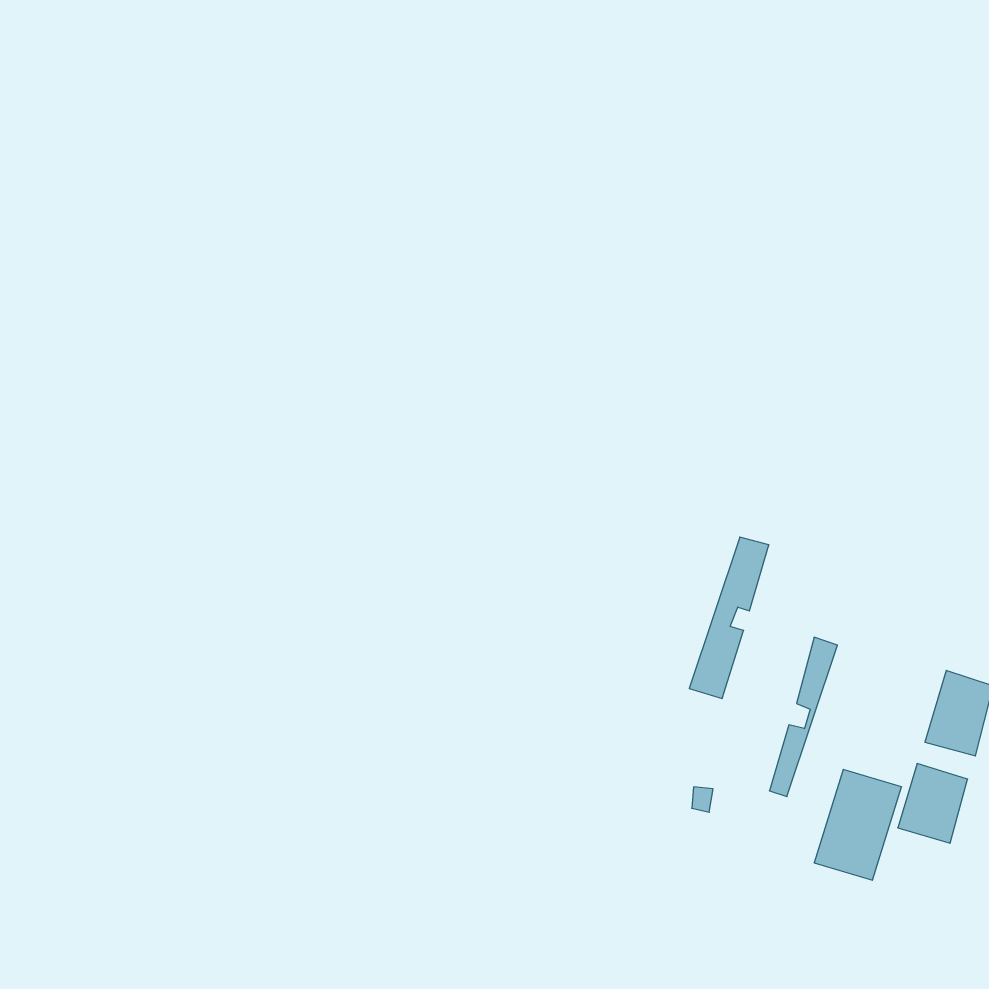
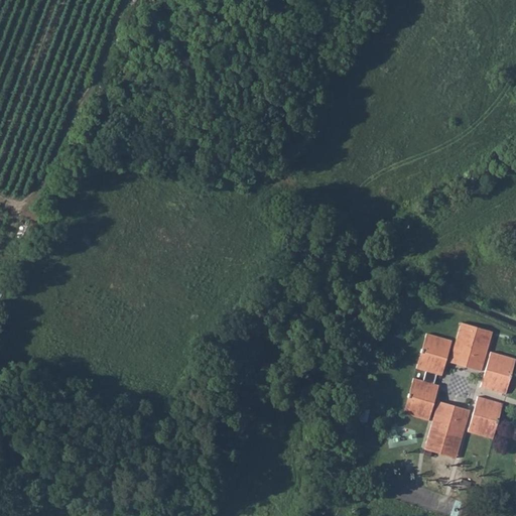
building: [689,537,769,698] -> [410,337,452,420]
building: none -> [450,321,493,372]

